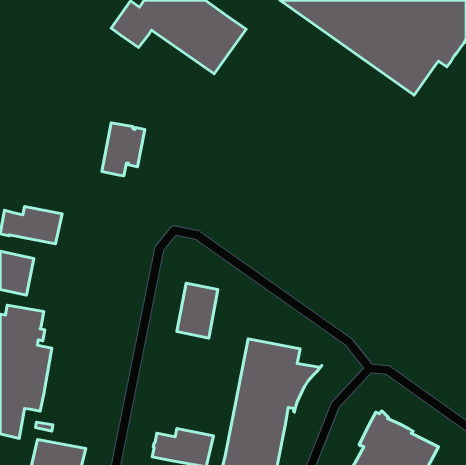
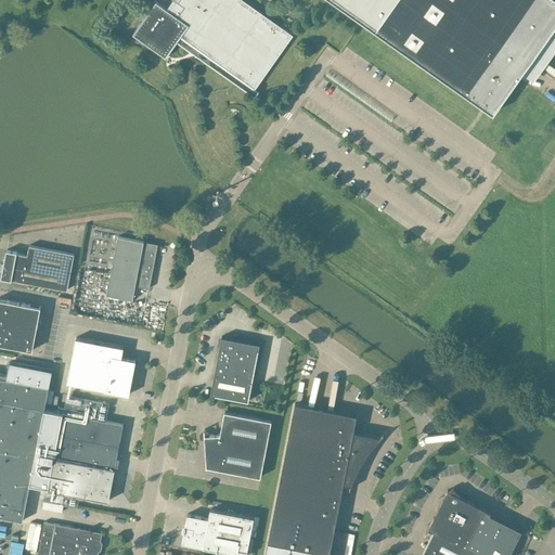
building: [102,123,145,176] -> [106,238,157,301]
building: none -> [66,339,134,397]
building: none -> [204,413,271,479]
building: none -> [48,414,122,503]

